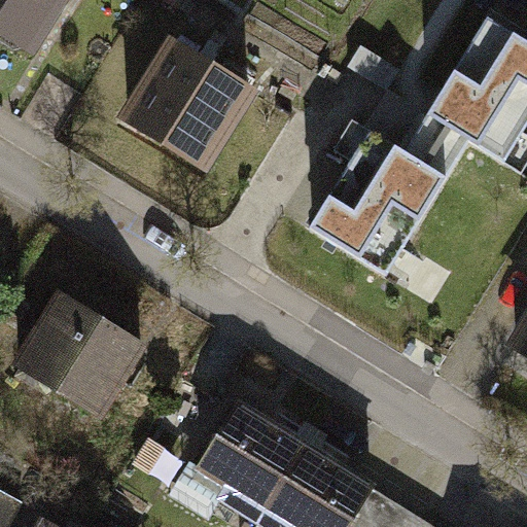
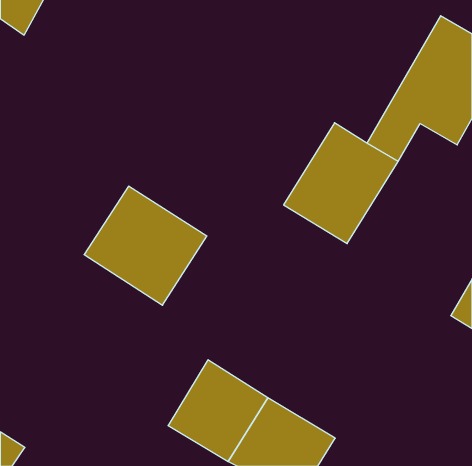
building: [112,49,249,184] -> none
building: [11,275,148,408] -> [84,186,207,305]

